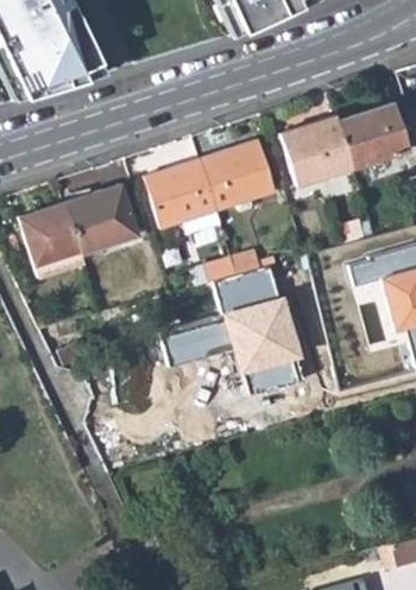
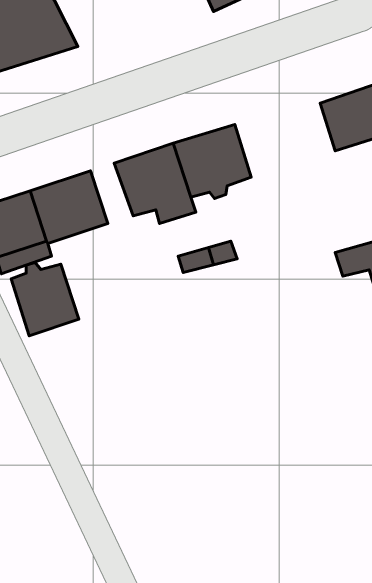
building: [278,114,352,185] -> none
building: [165,268,304,393] -> none
building: none -> [11,262,79,336]

